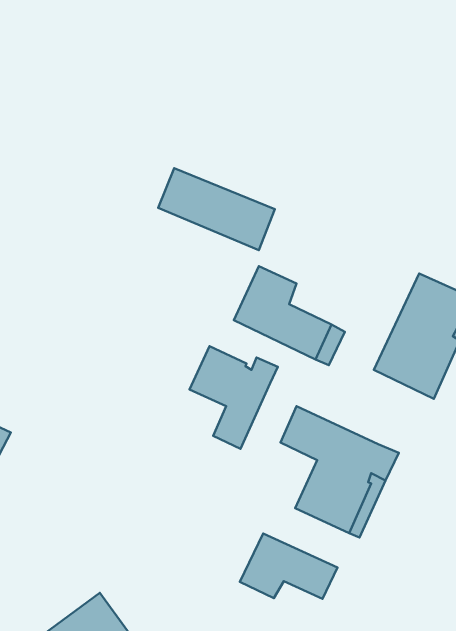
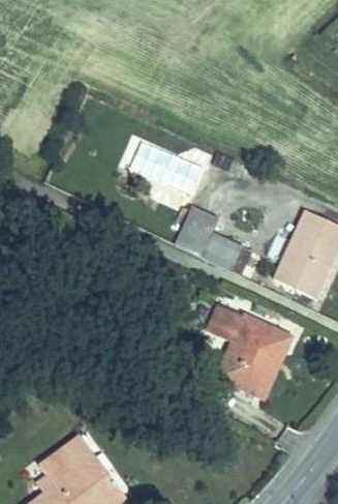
building: [190,346,278,449] -> none
building: [240,533,338,599] -> none

